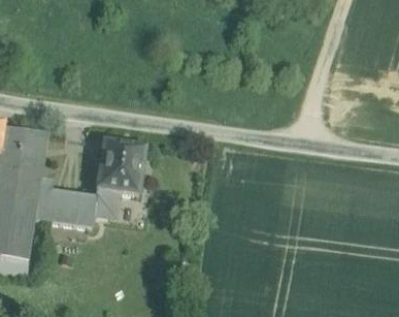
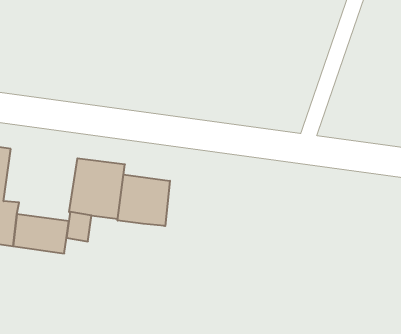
building: none -> [118,174,170,226]

